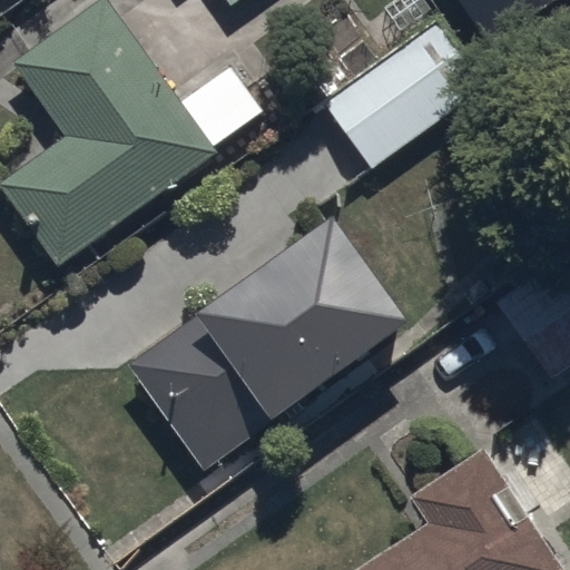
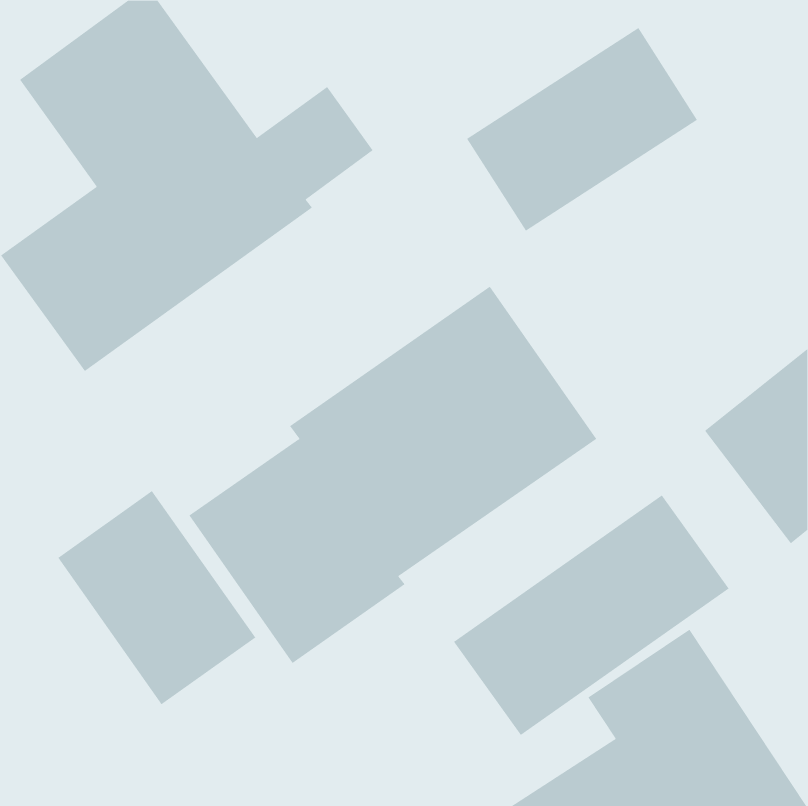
building: none -> [58,490,256,705]
building: none -> [453,495,729,736]

